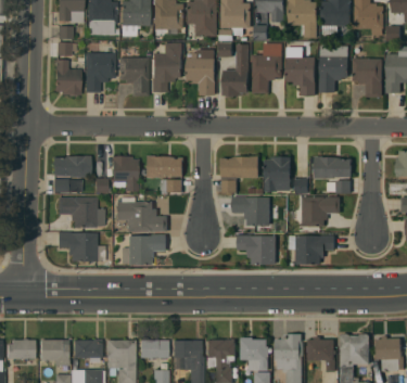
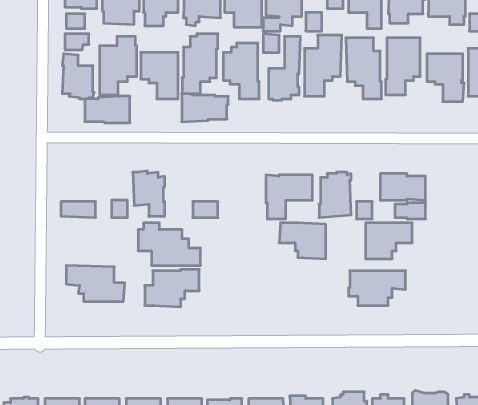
building: [53,155,90,177] -> [85,96,130,123]
building: [145,155,183,178] -> [182,94,228,122]
building: [58,196,104,228] -> none
building: [237,234,276,265] -> none

